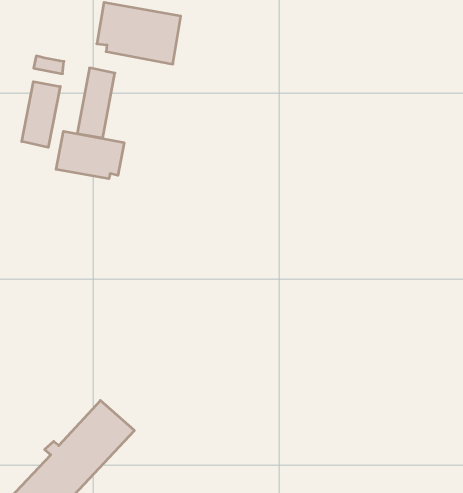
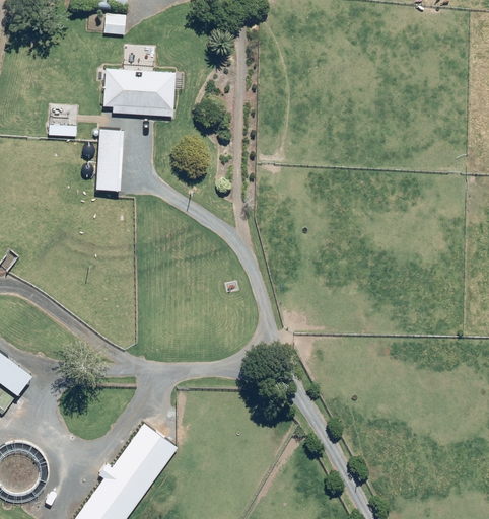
building: [22,82,60,147] -> none
building: [56,131,124,179] -> none

